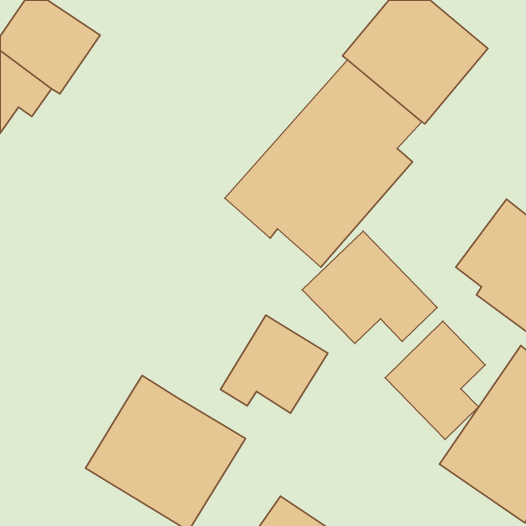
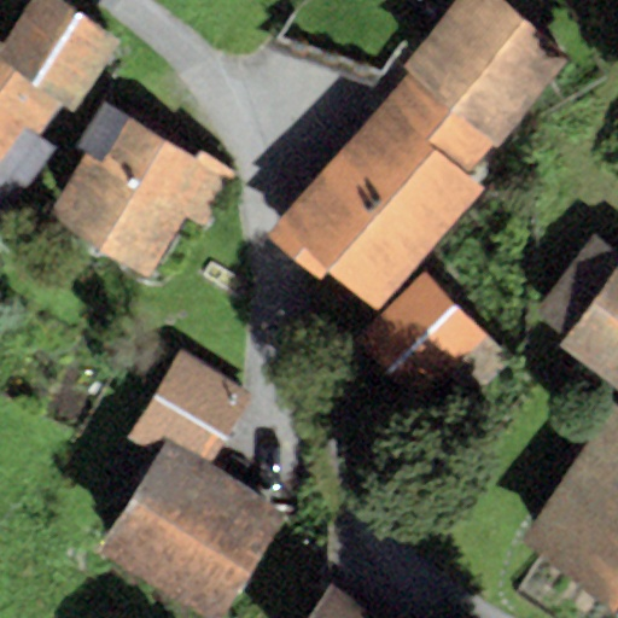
building: none -> [46,103,237,280]
building: [221,315,328,413] -> [126,351,251,466]
building: [385,321,485,439] -> none

